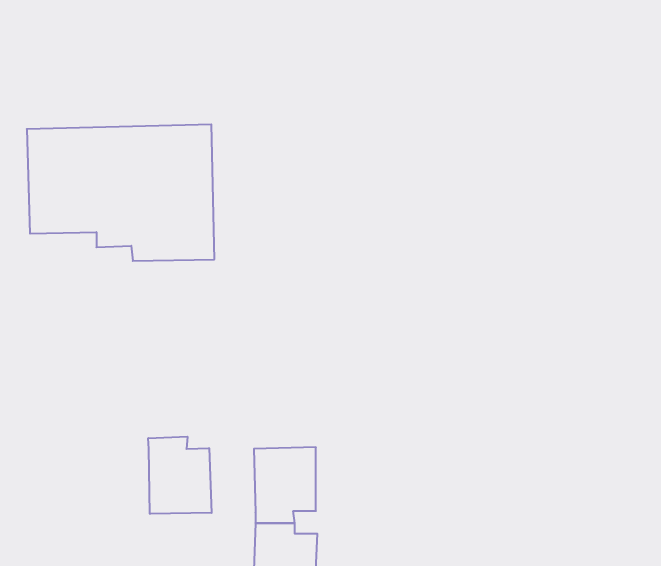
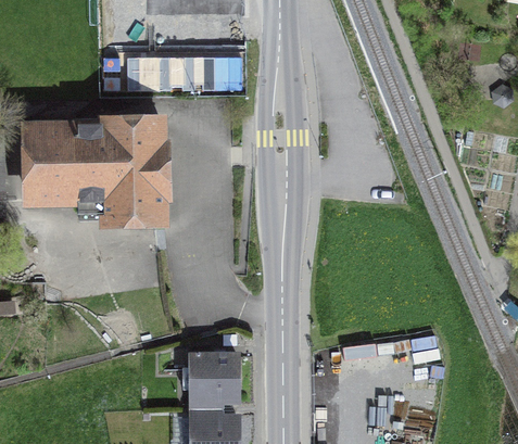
building: [148,437,212,514] -> none

